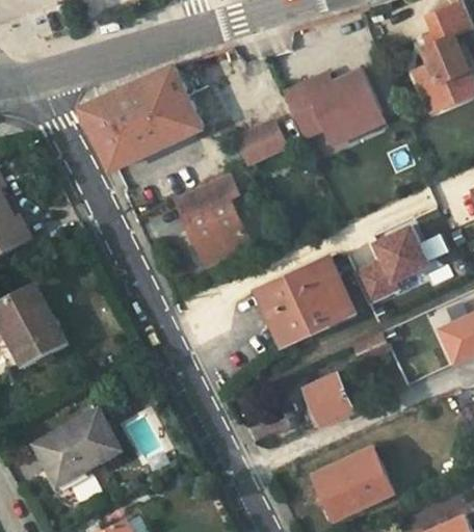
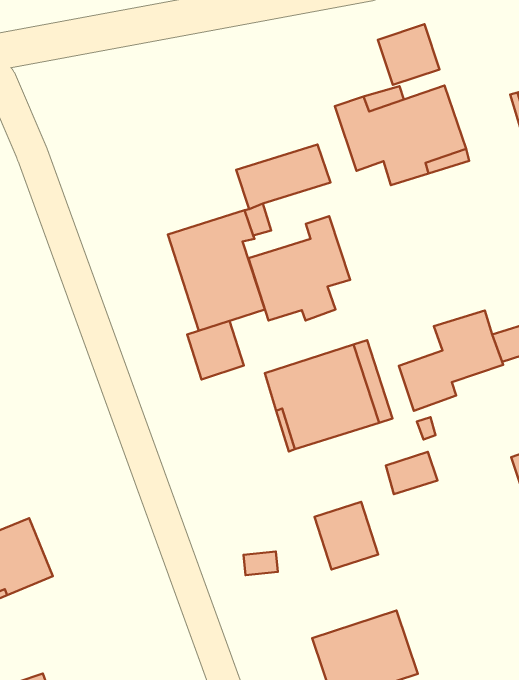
building: none -> [378,24,439,85]
building: [80,63,203,168] -> none
building: none -> [249,216,350,321]
building: none -> [187,321,244,379]

